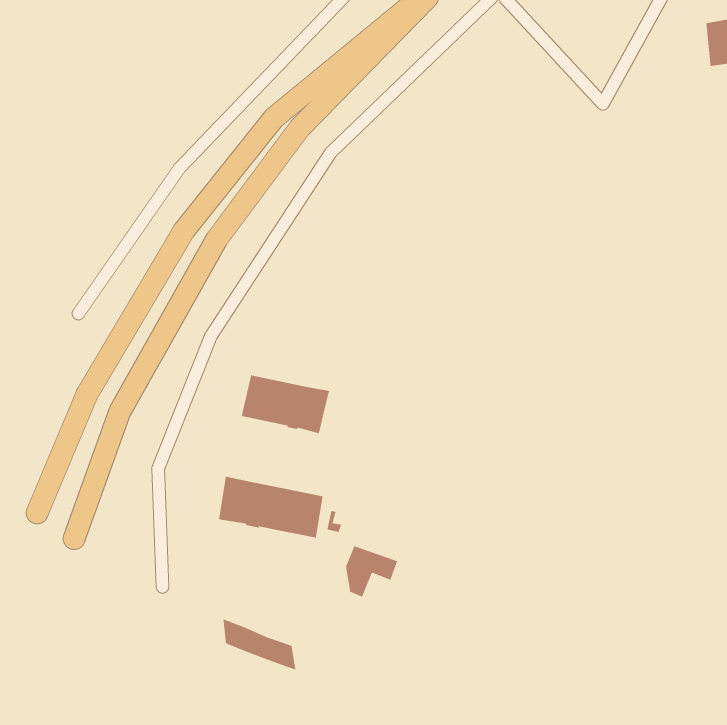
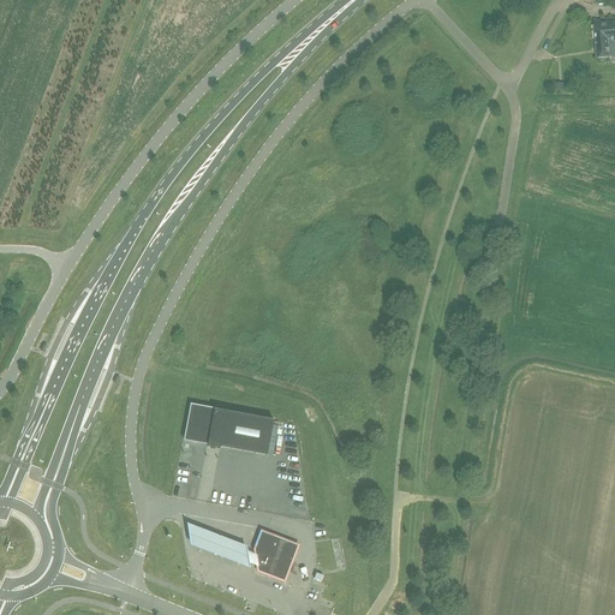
building: [241,375,330,434] -> none
building: [345,545,398,598] -> [255,530,299,574]

